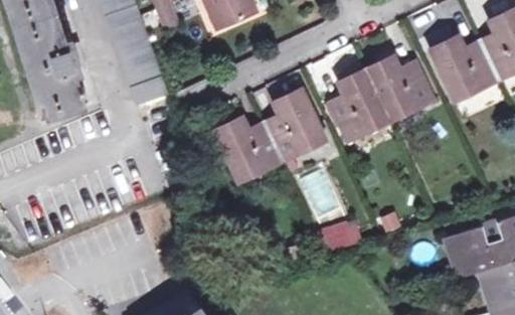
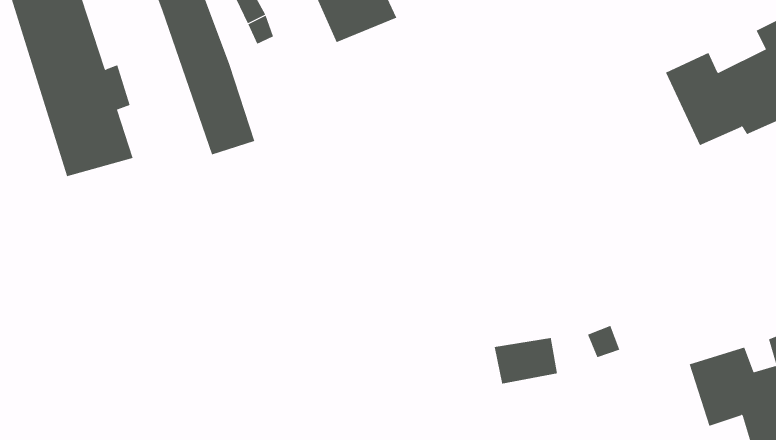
building: [328,56,434,143] -> none
building: [213,90,324,178] -> none

